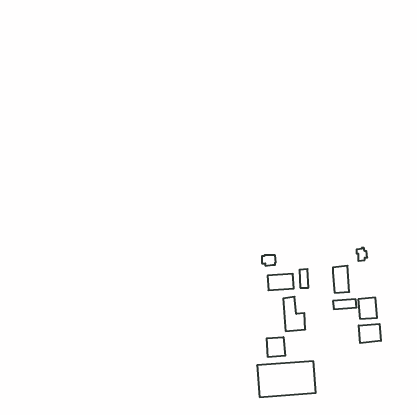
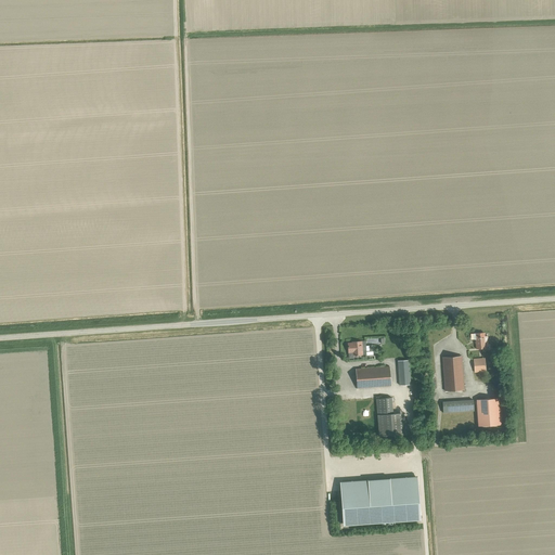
building: [359,324,381,343] -> none
building: [267,337,285,357] -> none

